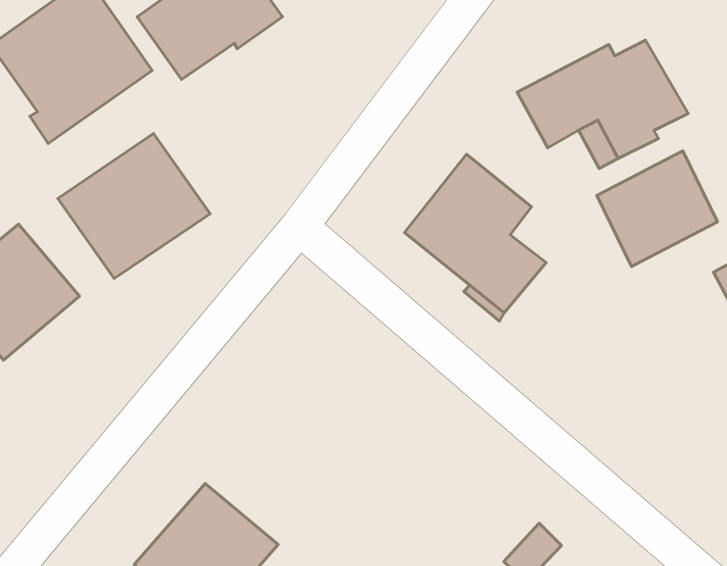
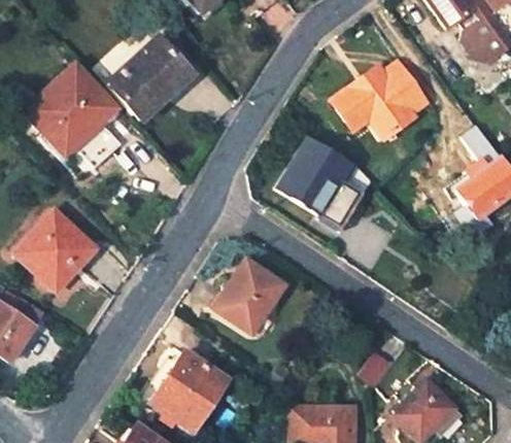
building: [58,134,210,279] -> none
building: [597,151,717,266] -> none
building: none -> [212,260,284,333]

